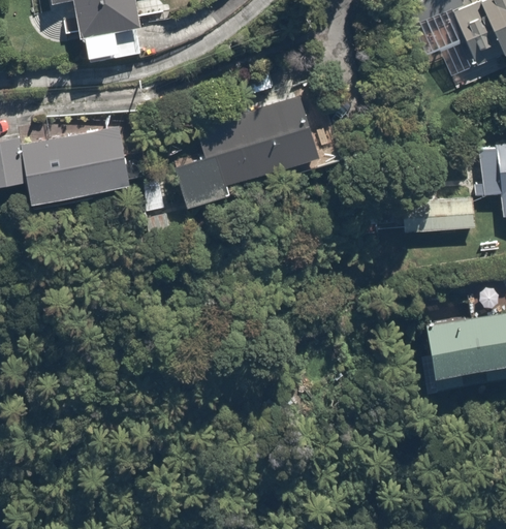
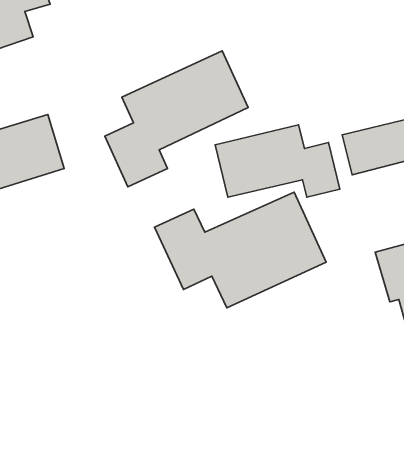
building: none -> [215,125,340,197]
building: none -> [155,192,326,308]

